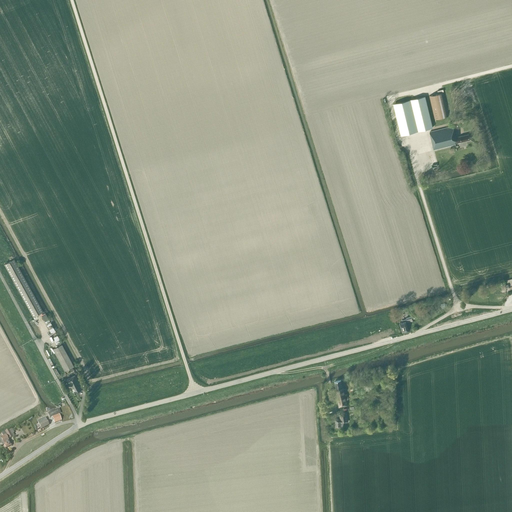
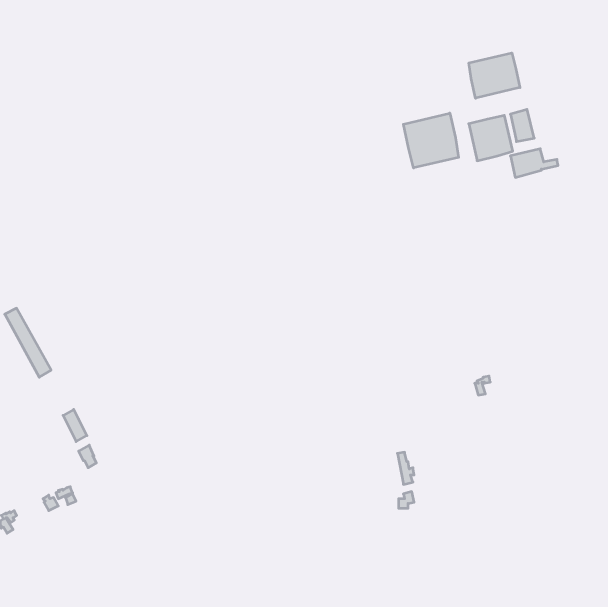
building: none -> [469,53,520,98]
building: none -> [403,113,459,168]

